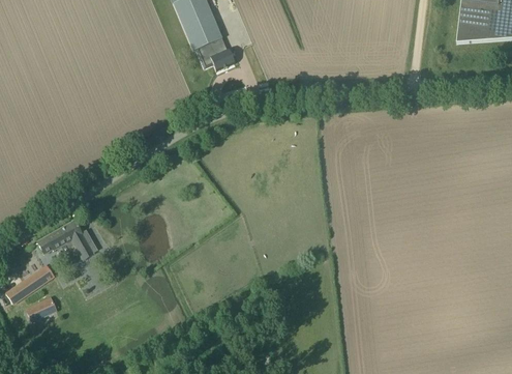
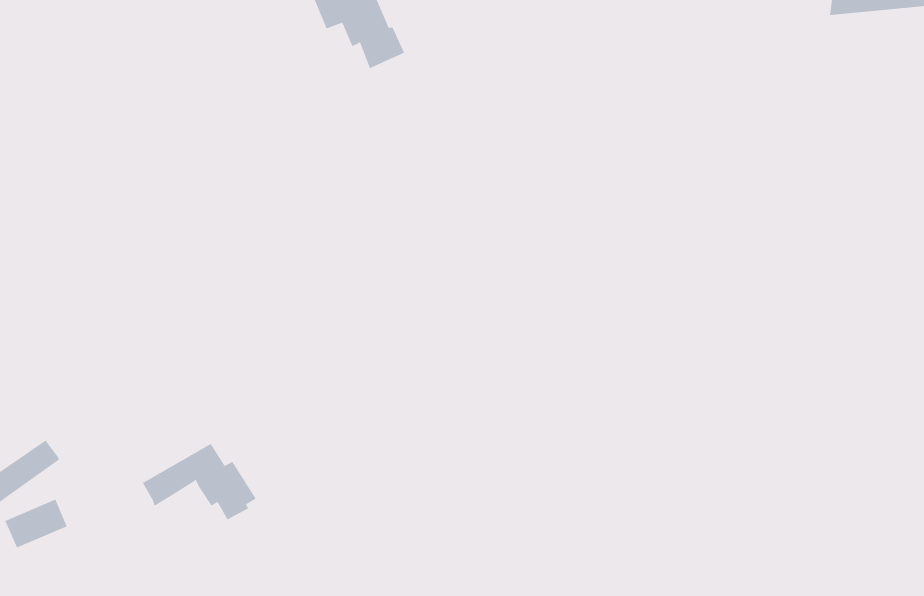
building: [37,220,97,260] -> [142,443,257,520]

